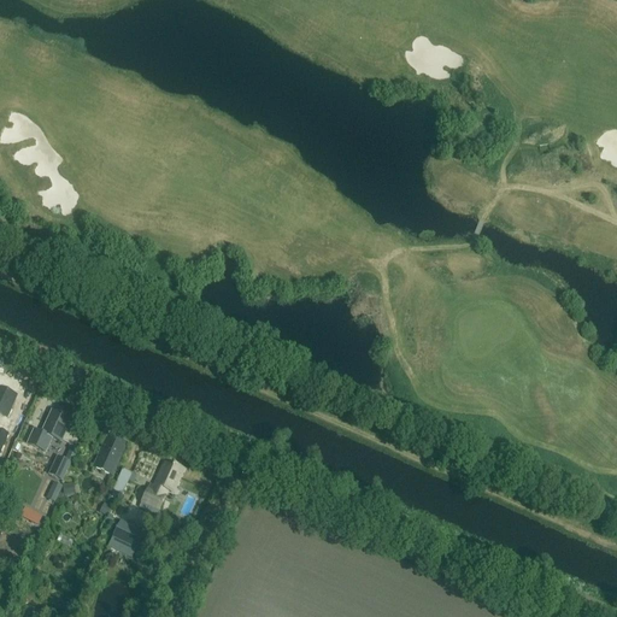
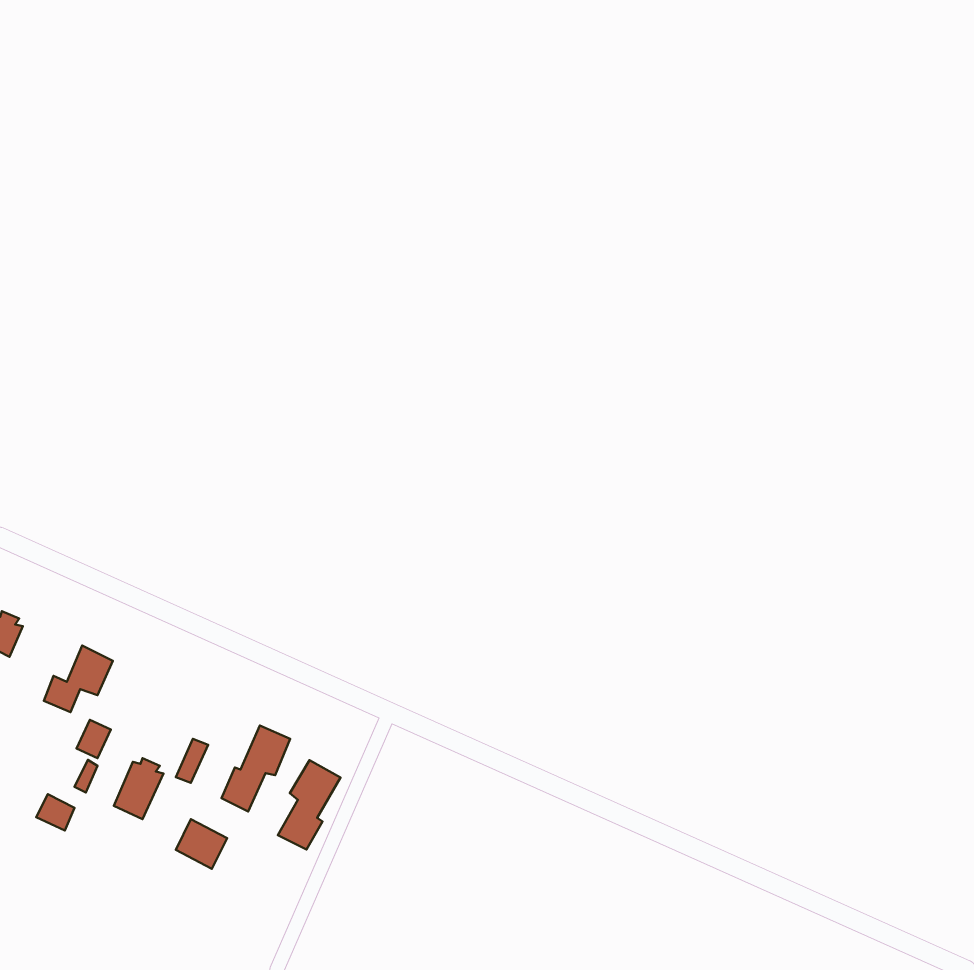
building: [93,435,124,474] -> [114,758,163,819]
building: none -> [278,760,340,850]

